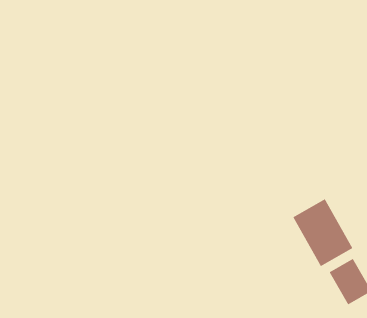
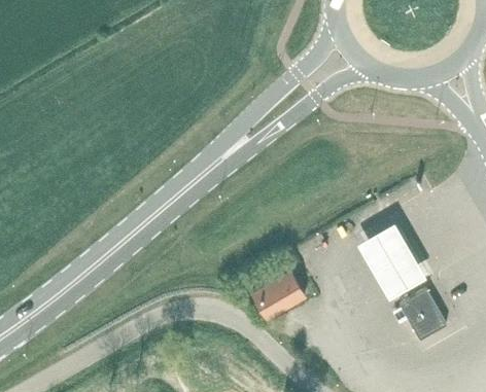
building: none -> [251,273,305,319]

